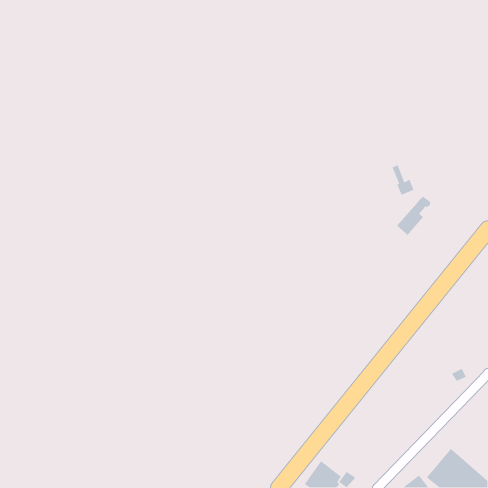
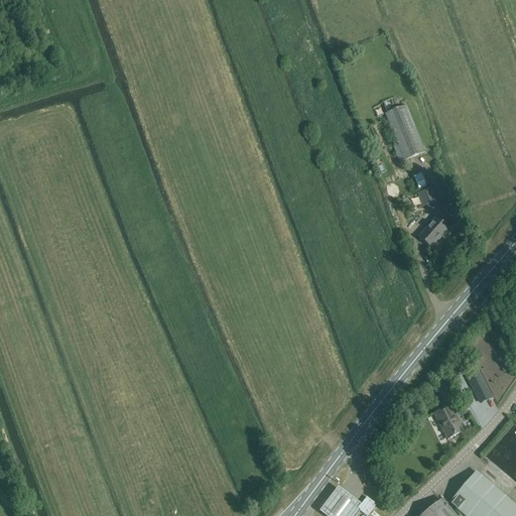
building: none -> [383,98,424,161]
building: none -> [432,401,463,439]

